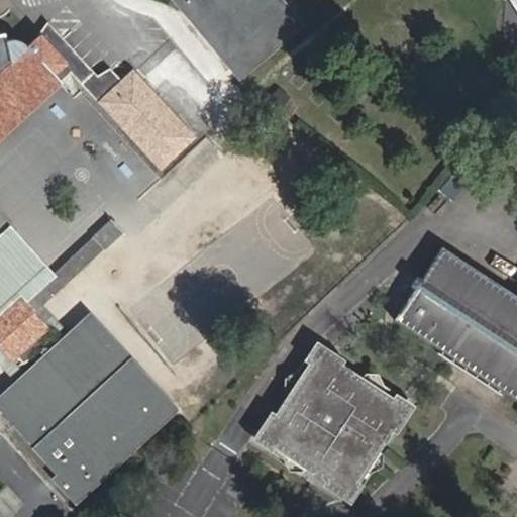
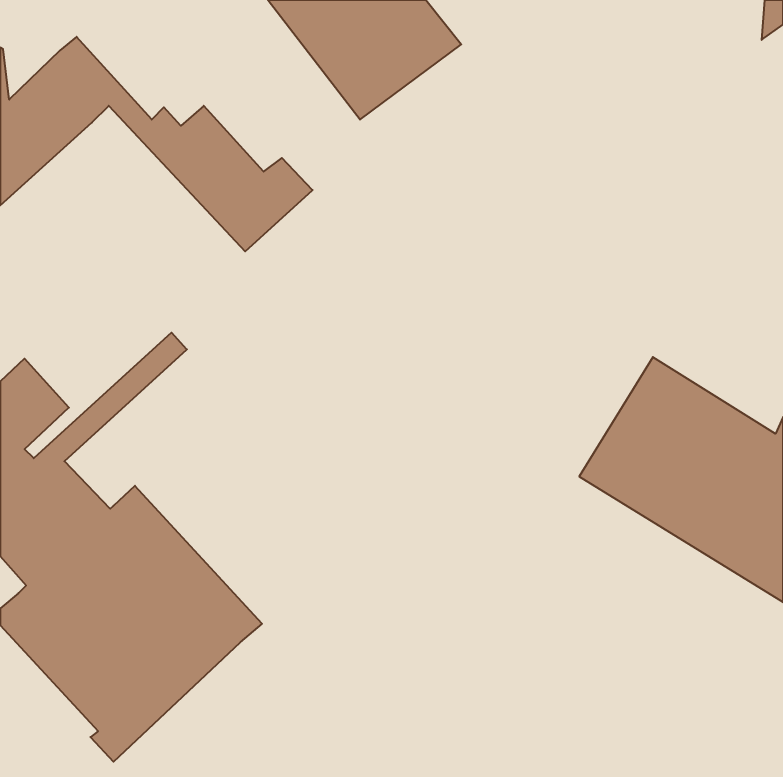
building: [261,348,406,494] -> none

